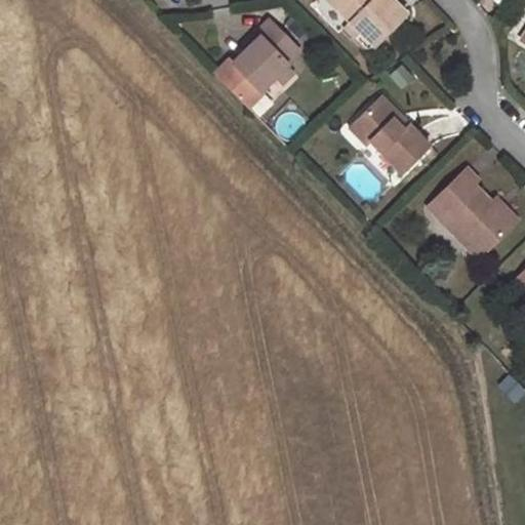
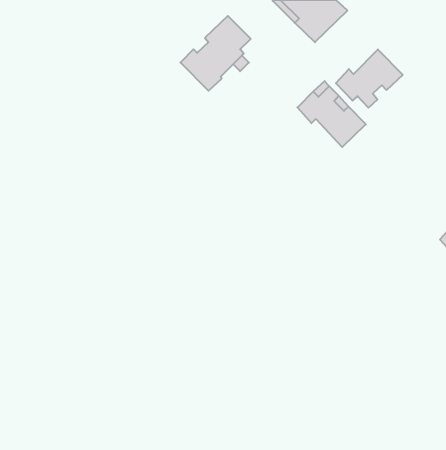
building: none -> [336,49,403,108]
building: [430,168,514,256] -> none

